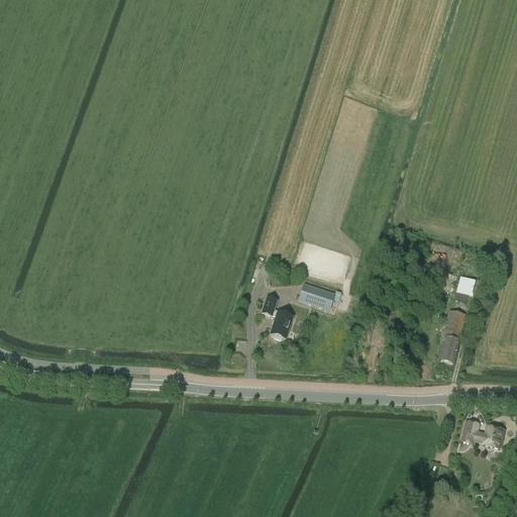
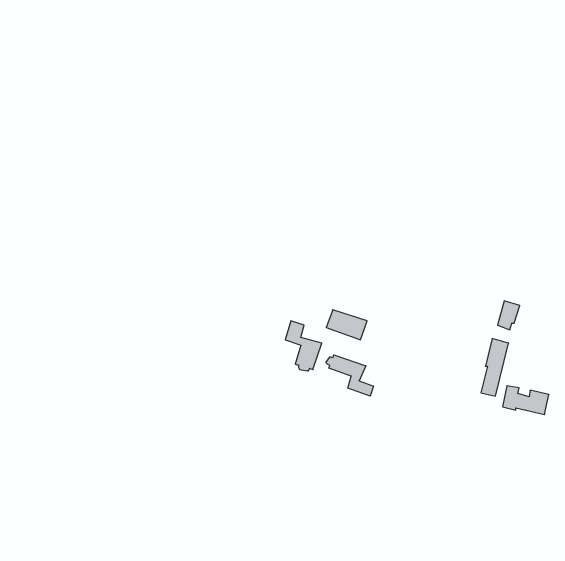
building: none -> [326,355,373,396]
building: [461,420,504,446] -> [503,386,549,415]

